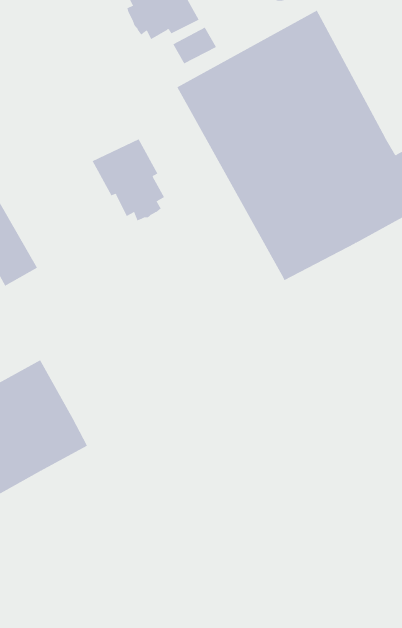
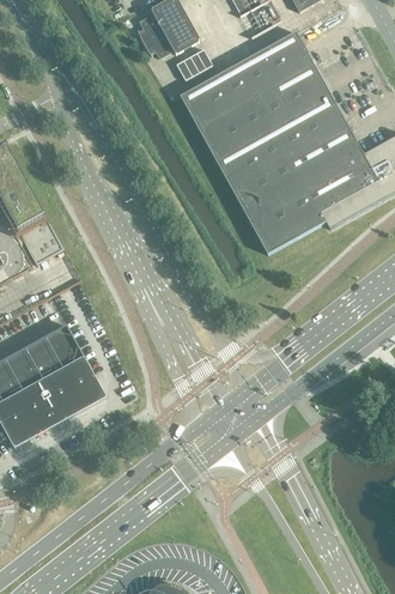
building: [92,139,165,221] -> none

